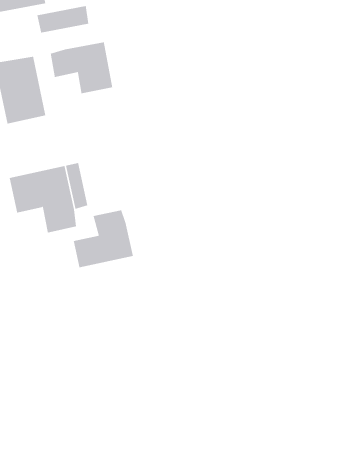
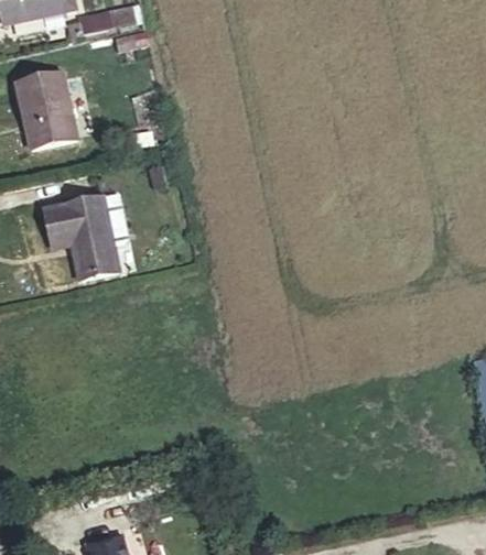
building: [50,41,113,94] -> none
building: [73,210,133,268] -> none

